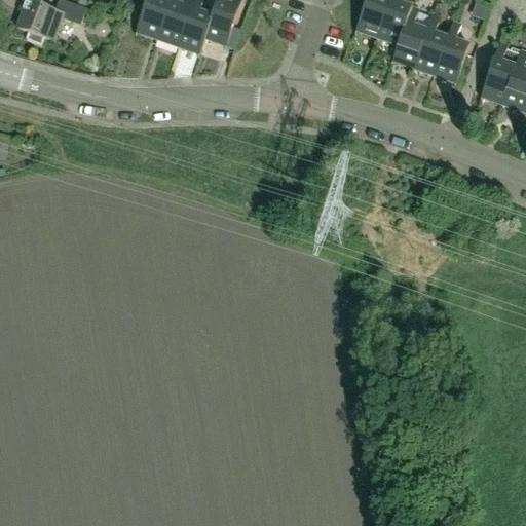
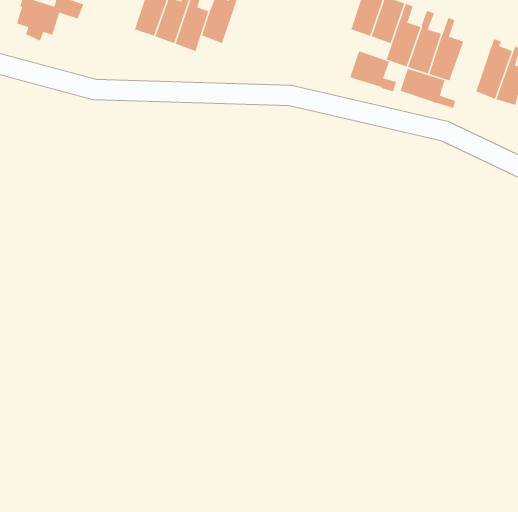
building: none -> [349,50,397,92]
building: none -> [400,68,455,109]

